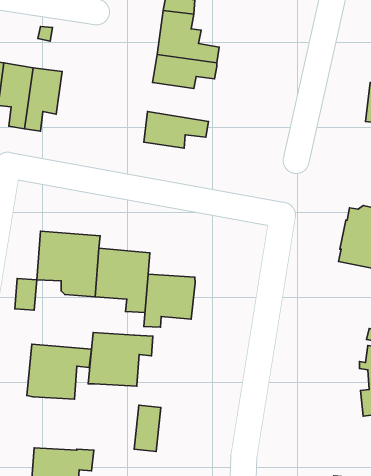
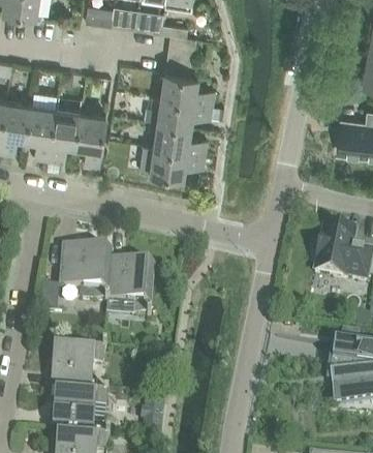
building: none -> [75,107,105,162]
building: none -> [153,116,207,149]
building: [144,274,195,327] -> none
building: [88,333,153,386] -> [52,383,106,428]

